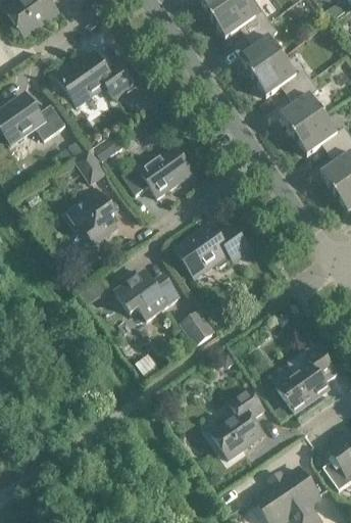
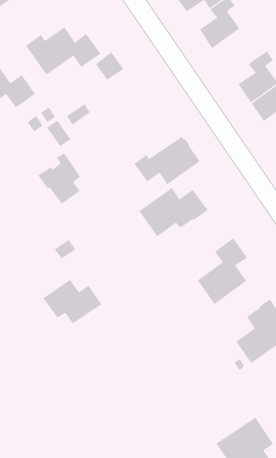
building: [252,55,311,96] -> none
building: [121,145,193,197] -> [133,136,201,185]
building: [115,271,179,319] -> [43,279,102,324]
building: [185,312,216,345] -> none
building: [206,387,264,459] -> [193,237,248,305]

